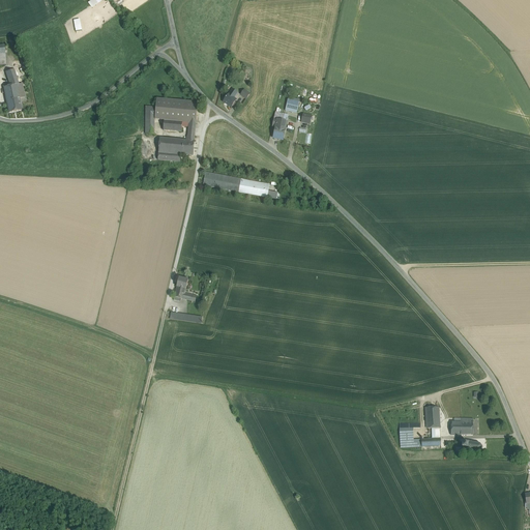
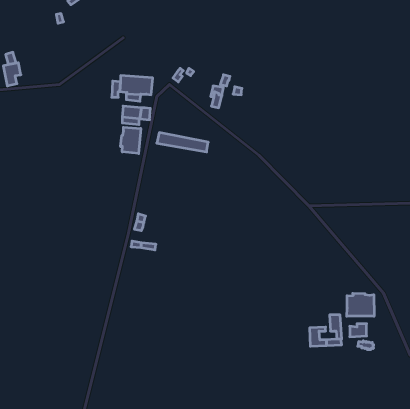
building: none -> [121,127,141,154]
building: none -> [347,293,374,316]

